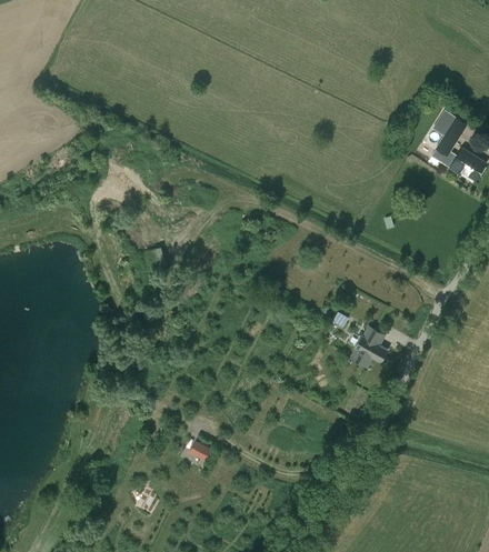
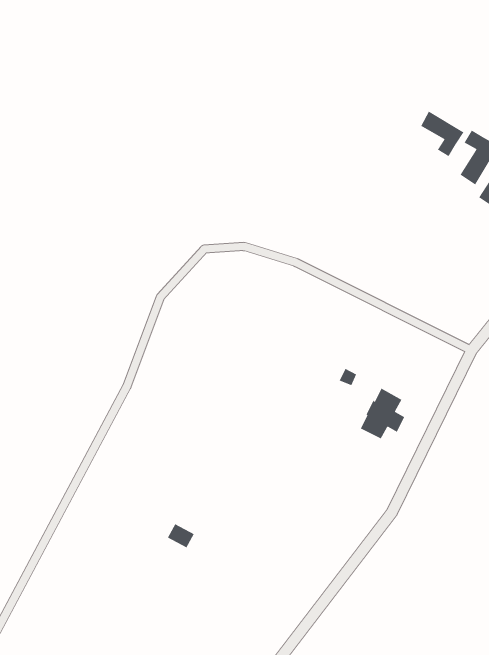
building: none -> [420,111,464,157]

